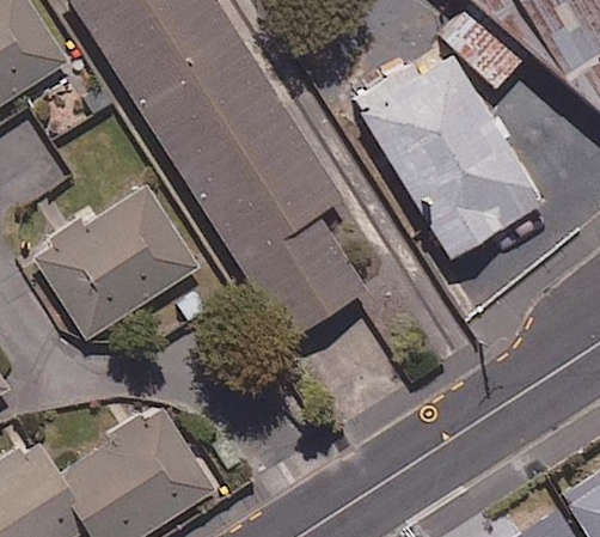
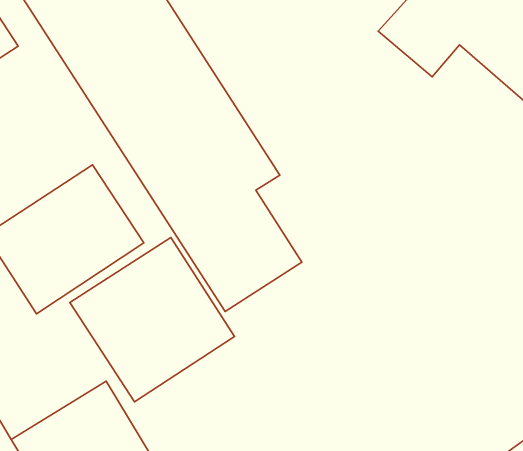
building: [357,60,546,263] -> none
building: none -> [70,238,234,402]

